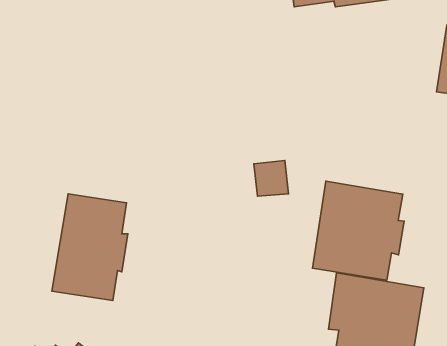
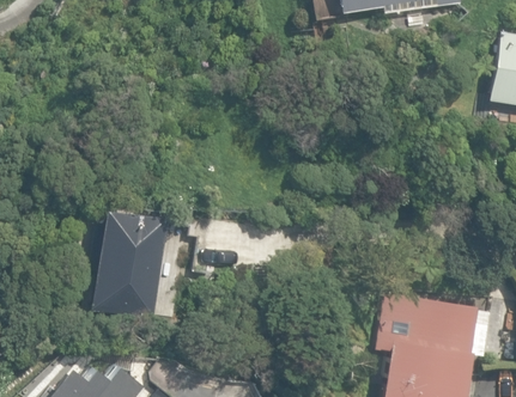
building: [313,181,404,280] -> none

